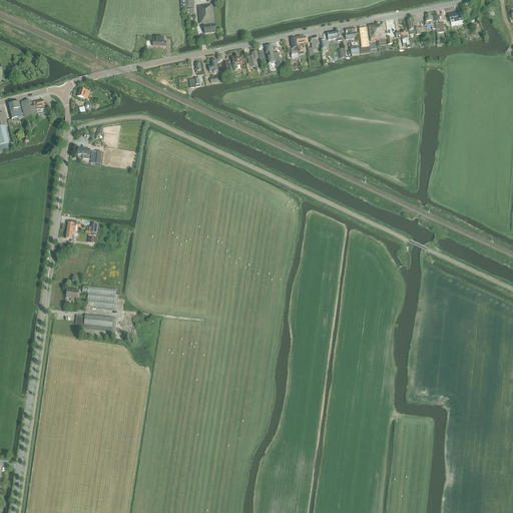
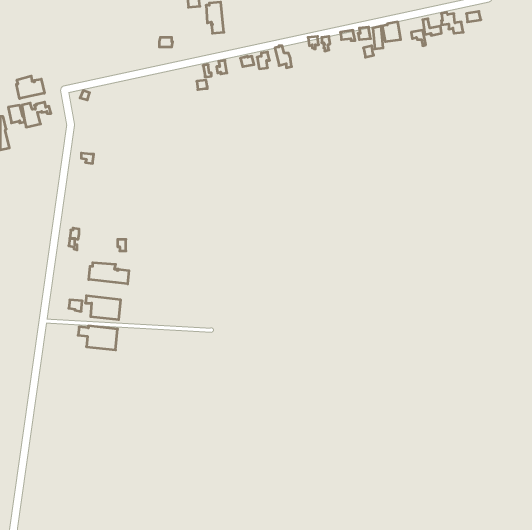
building: none -> [16,76,44,99]
building: none -> [89,263,129,284]

